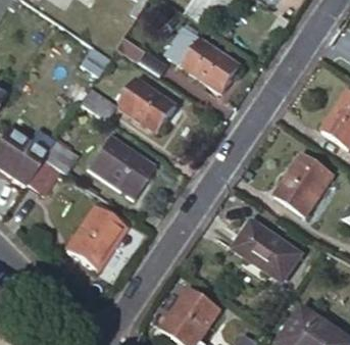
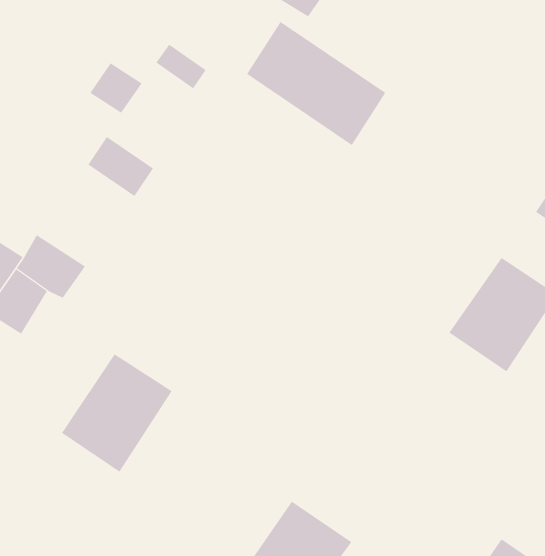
building: [118,78,178,132] -> none
building: [87,135,154,198] -> none
building: [234,219,302,280] -> none

